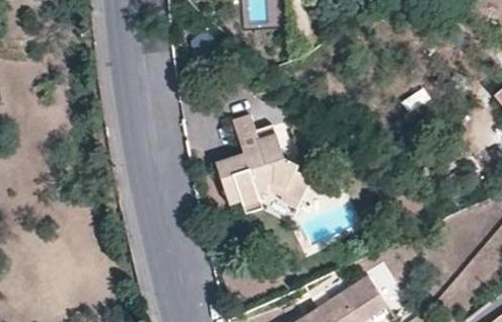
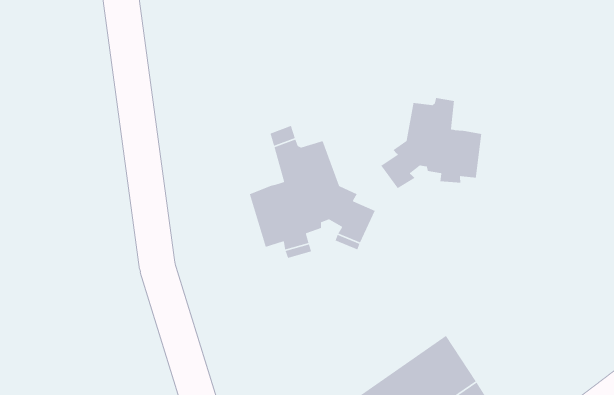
building: none -> [380,97,482,189]

